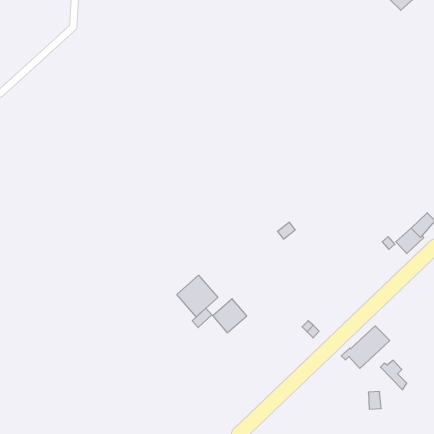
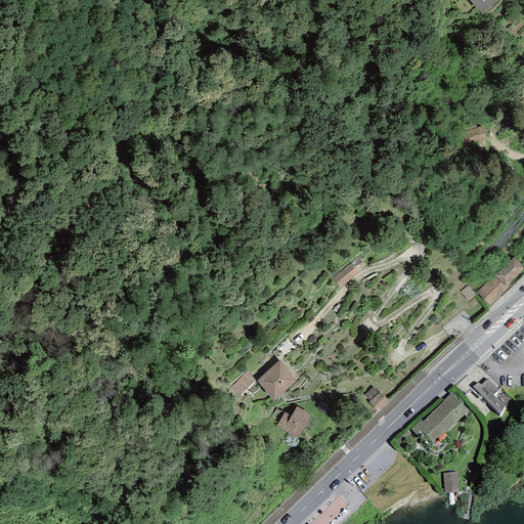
building: [177,275,218,317] -> none
building: none -> [277,405,312,437]
building: [380,360,407,390] -> [474,378,506,413]

